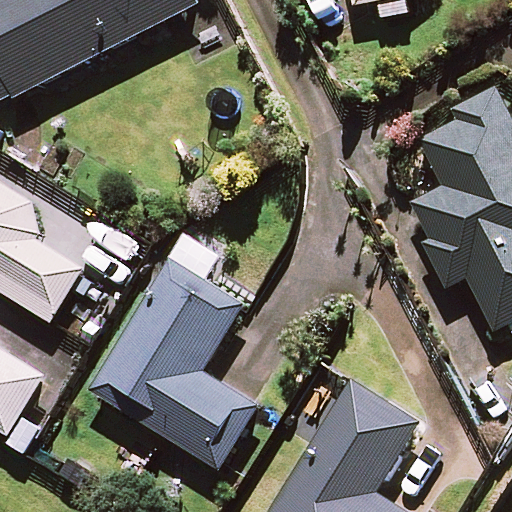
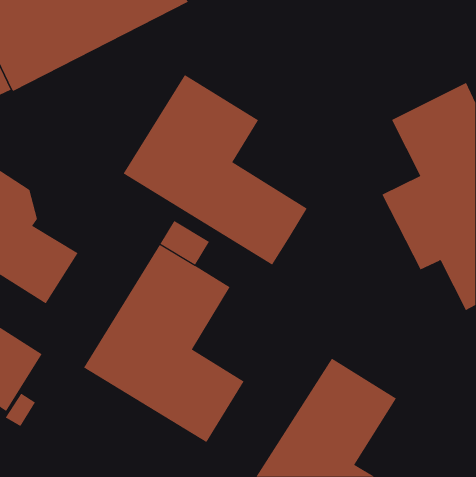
building: none -> [123,74,308,266]

